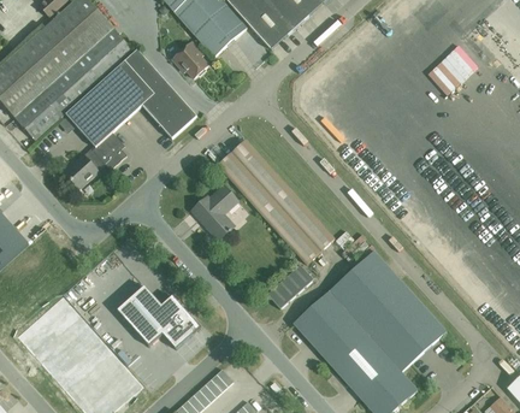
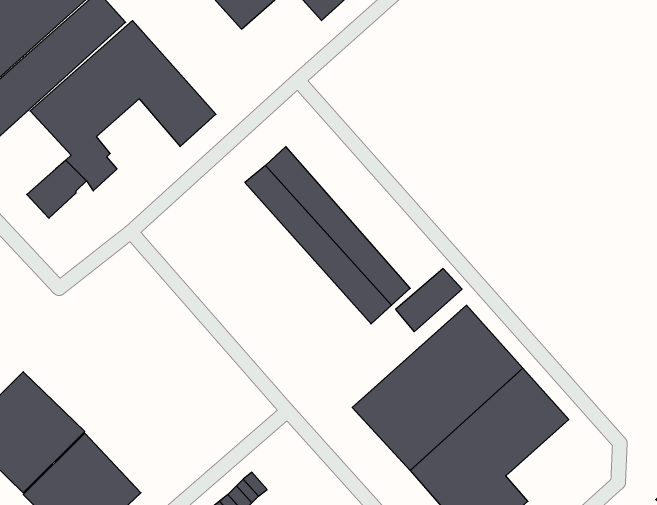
building: [172,41,208,77] -> none
building: [191,184,237,240] -> none
building: [266,264,313,308] -> [396,269,462,332]
building: [117,285,200,348] -> none

